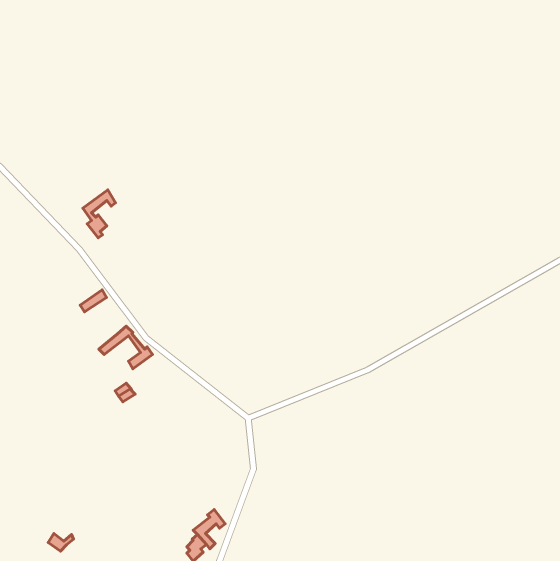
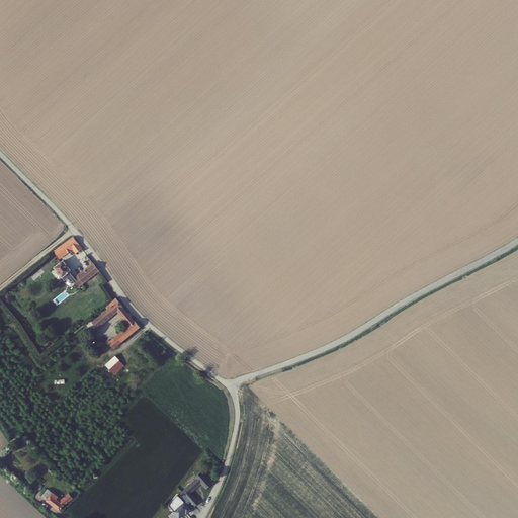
building: [83,190,116,238] -> [53,239,83,283]

